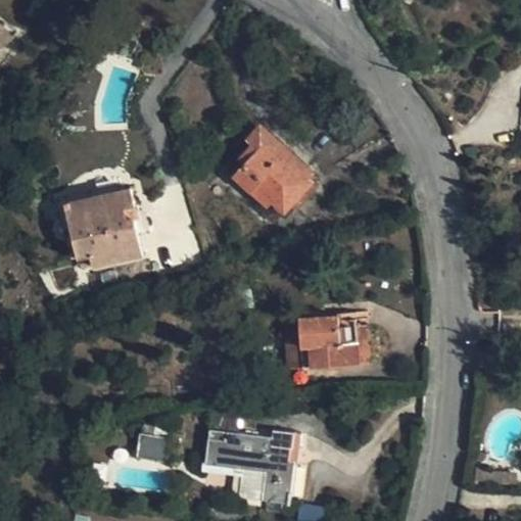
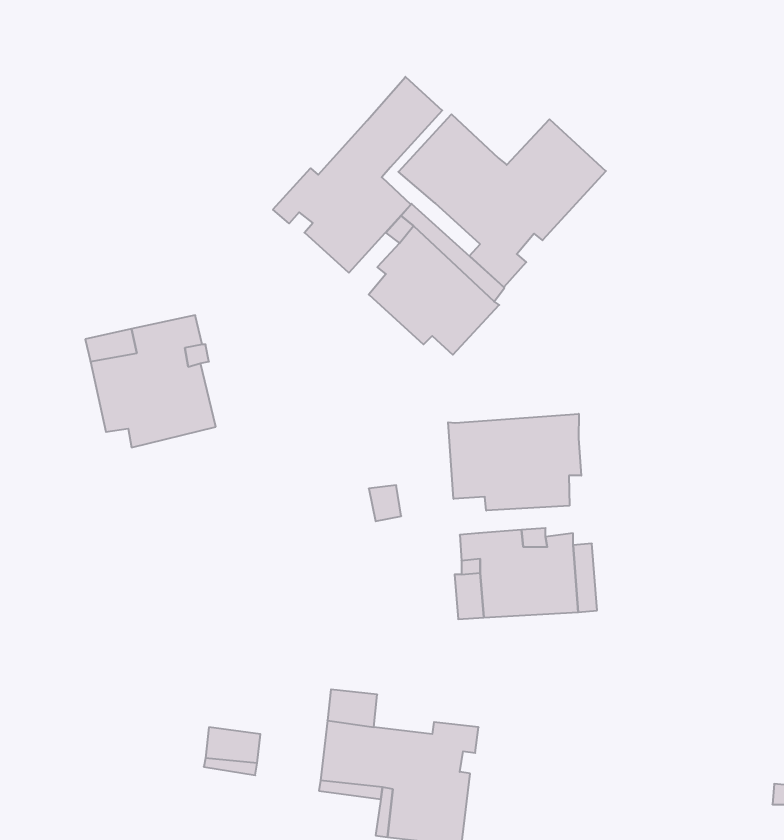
building: none -> [273,77,442,273]
building: none -> [398,114,606,287]
building: none -> [448,414,581,511]

